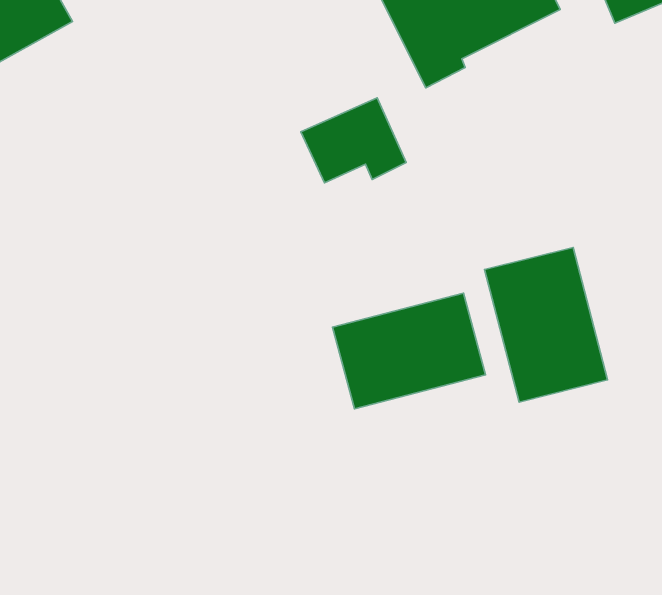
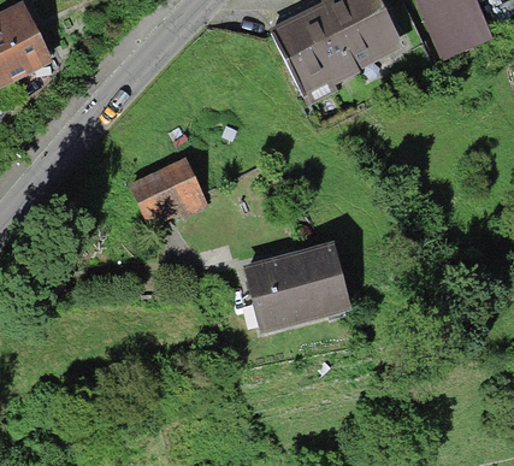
building: [301,98,406,183] -> [131,159,206,219]
building: [485,247,608,402] -> none

